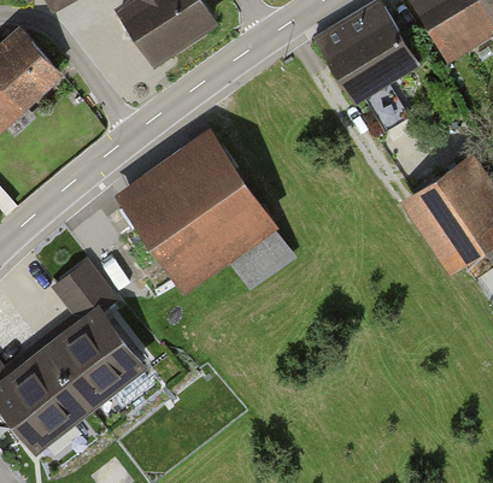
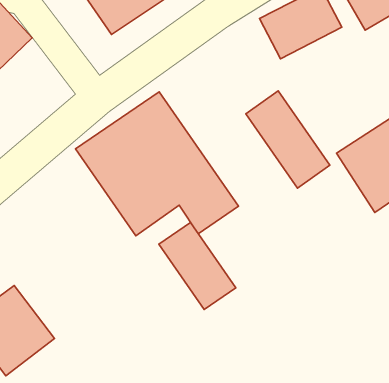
building: none -> [246,91,330,188]
building: [40,255,157,411] -> none
building: none -> [159,223,236,309]

